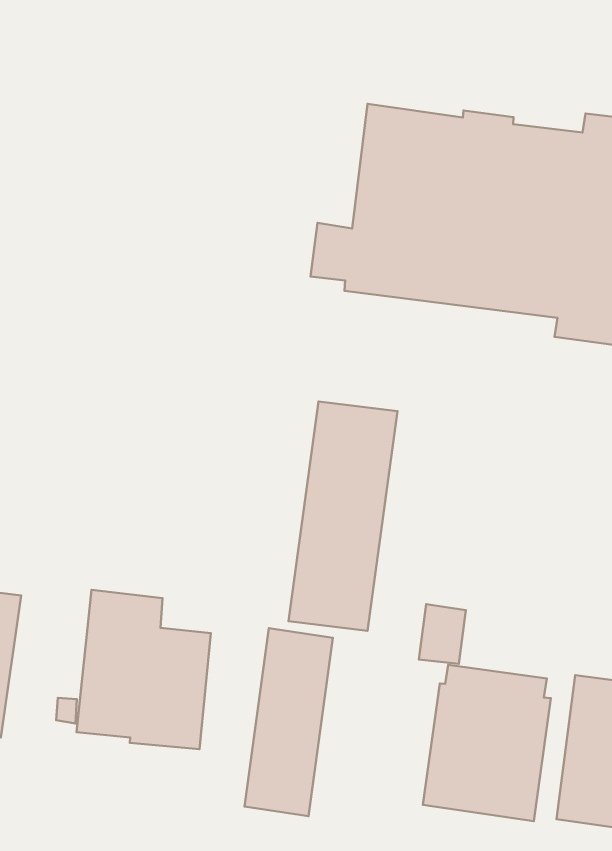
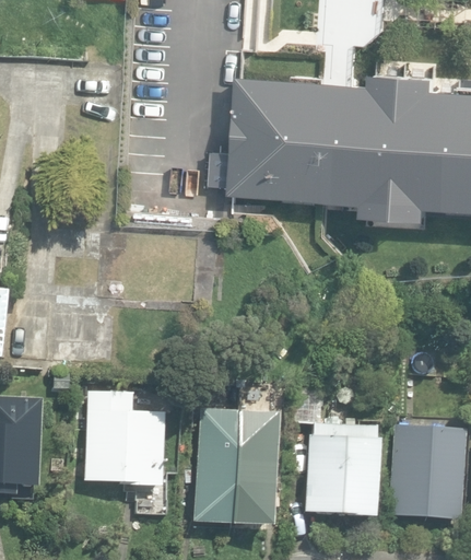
building: [288,401,398,631] -> none
building: none -> [234,411,279,526]

